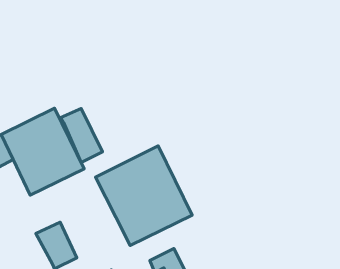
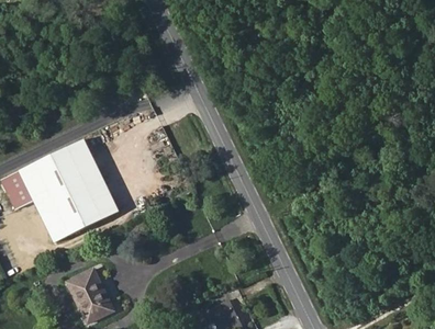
building: [61,108,102,163] -> none
building: [96,146,192,246] -> none

